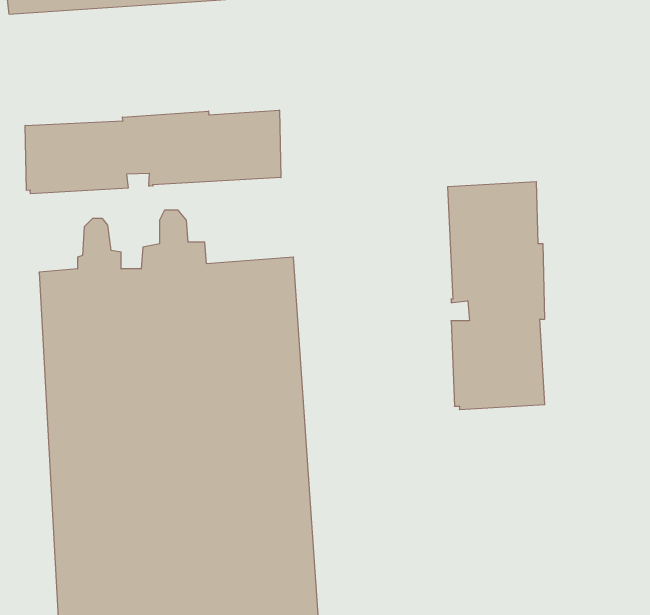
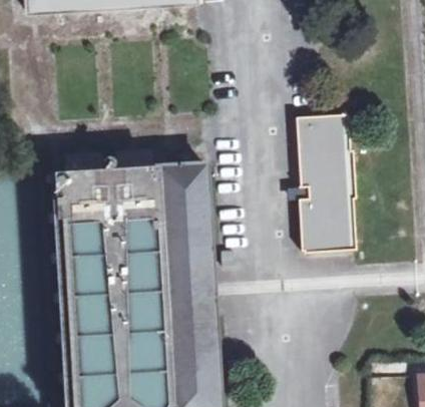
building: [25,110,281,194] -> none

